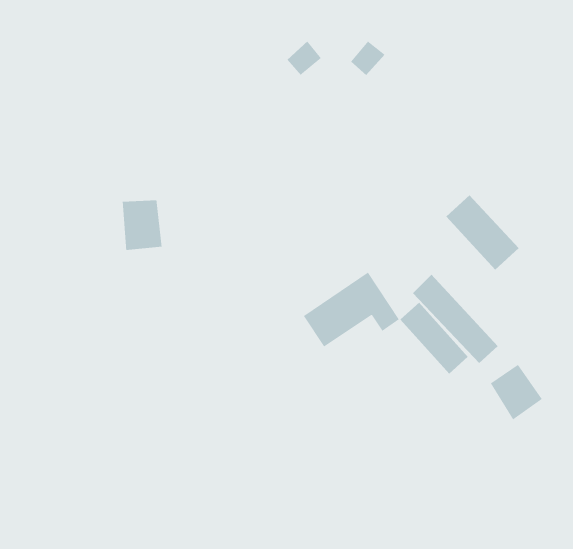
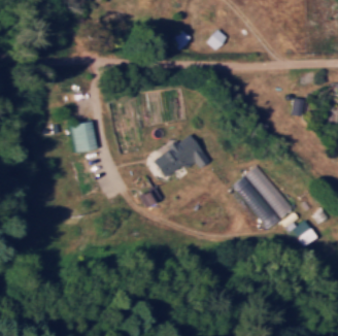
building: [445,194,519,270] -> none
building: [303,272,400,348] -> [153,133,209,177]

